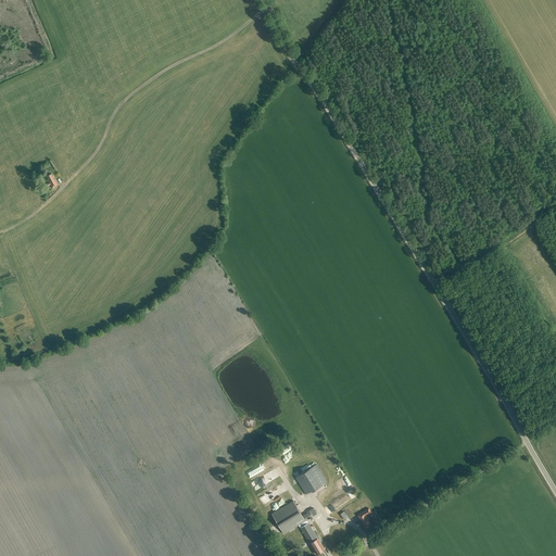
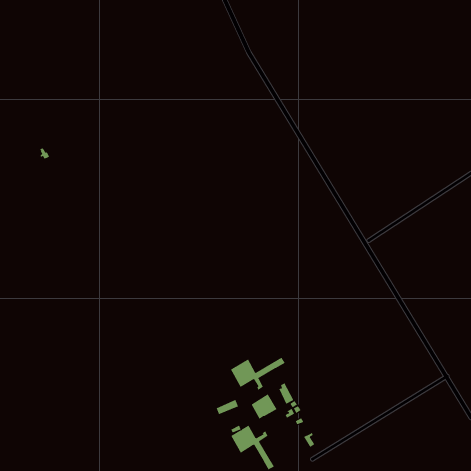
building: none -> [230,357,285,391]

